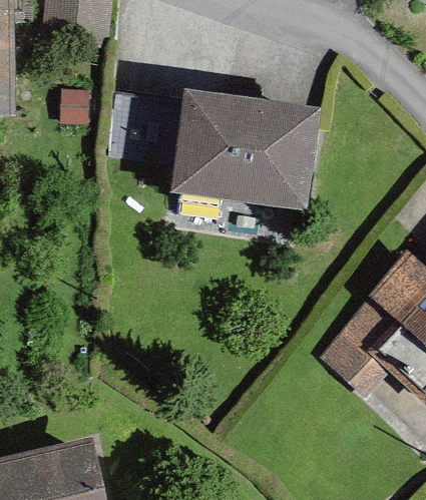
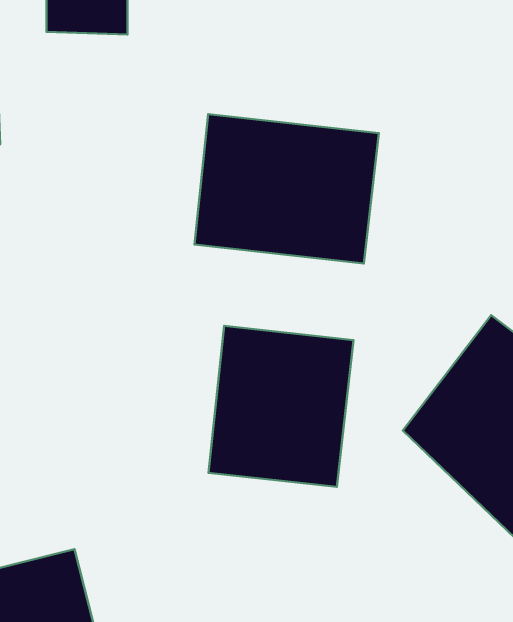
building: none -> [209,326,354,487]

